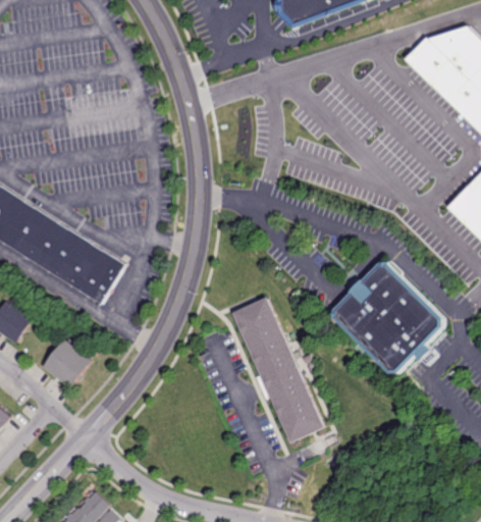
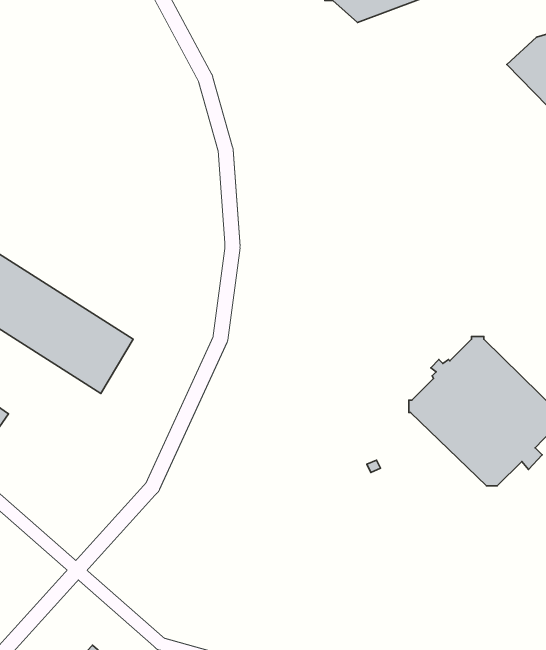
building: [230,296,325,445] -> none
building: [42,340,91,388] -> none

